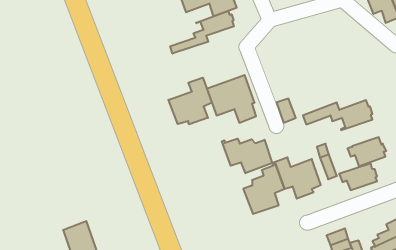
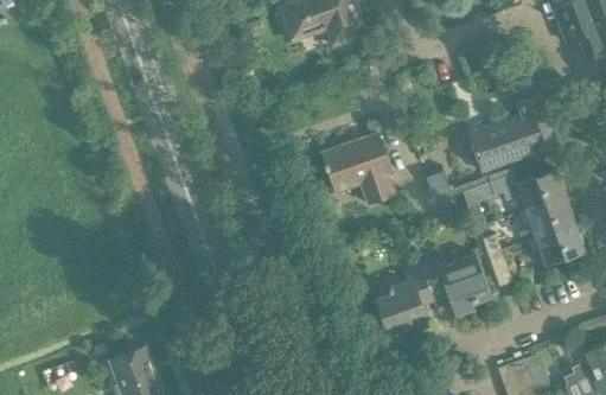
building: [170,11,234,54] -> none
building: none -> [468,95,560,172]
building: [168,78,212,124] -> none
building: [222,139,272,173] -> none
building: [339,164,377,190] -> [519,198,575,237]

